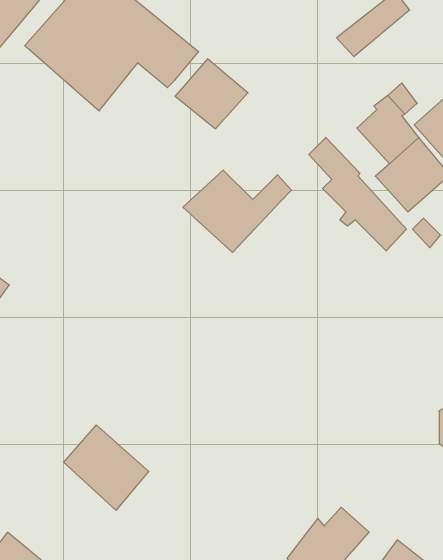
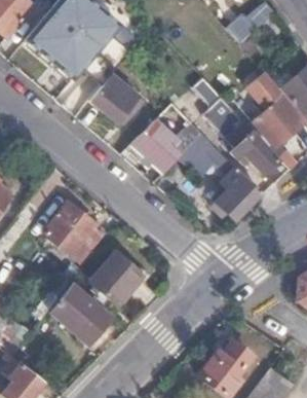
building: [175,59,248,129] -> [89,75,138,121]
building: none -> [177,132,262,217]
building: none -> [45,206,102,263]
building: none -> [89,252,142,305]

